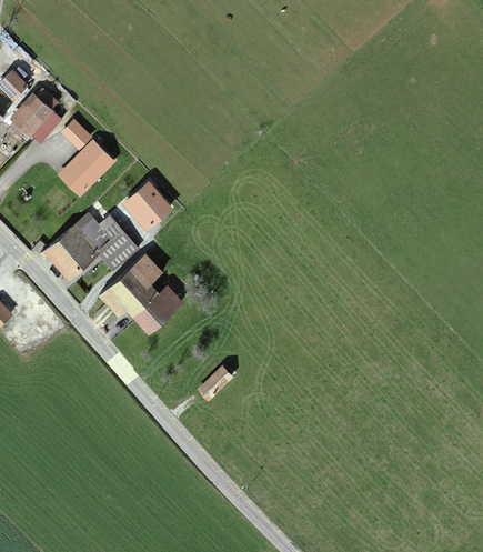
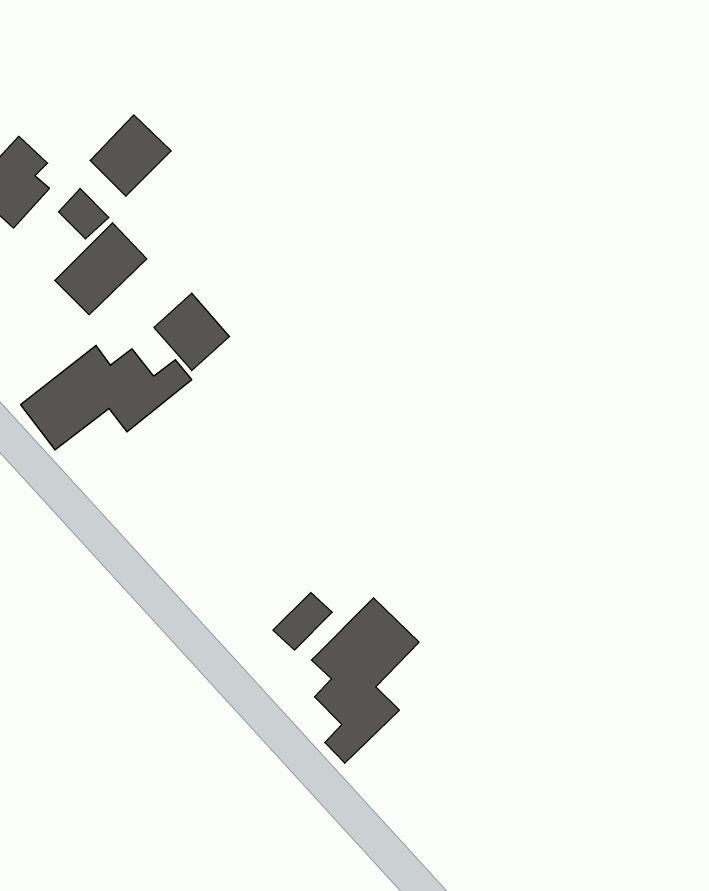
building: none -> [90,115,171,196]
building: [103,259,179,331] -> none
building: none -> [311,598,419,763]

